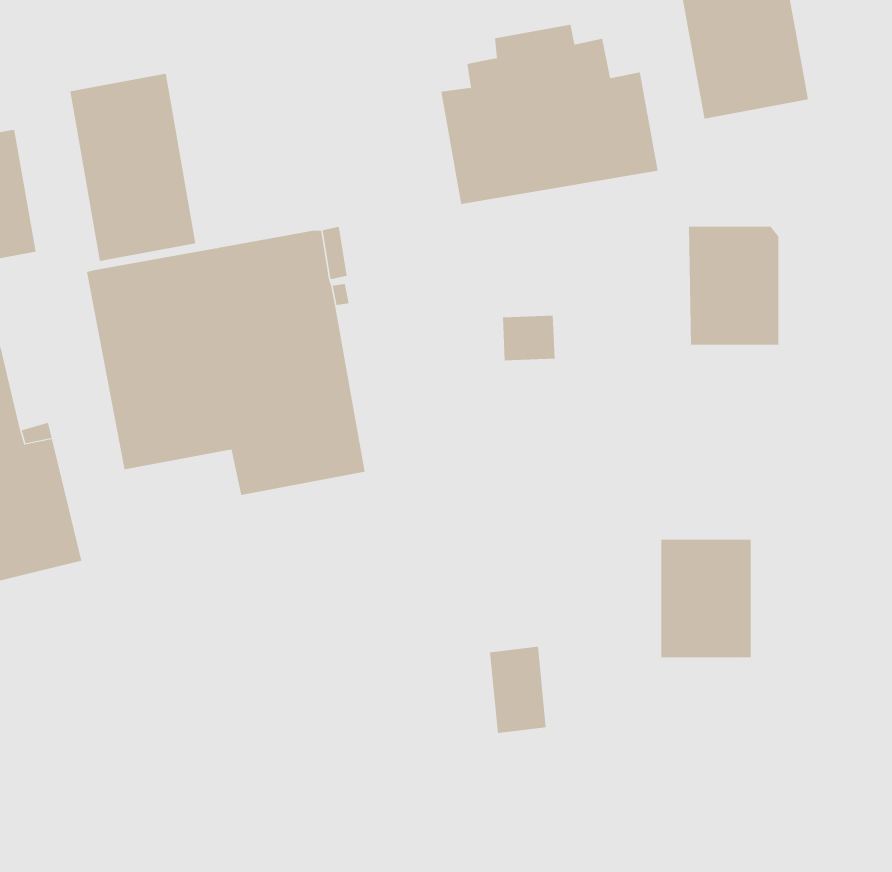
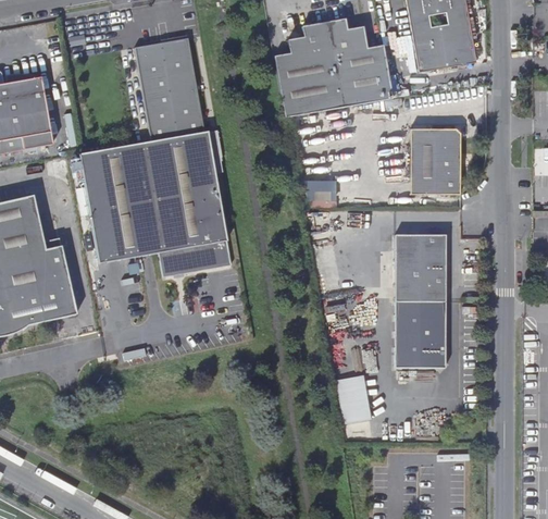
building: [70,73,196,261] -> [135,37,204,140]
building: none -> [395,234,446,300]
building: [489,646,547,733] -> [339,373,371,421]

